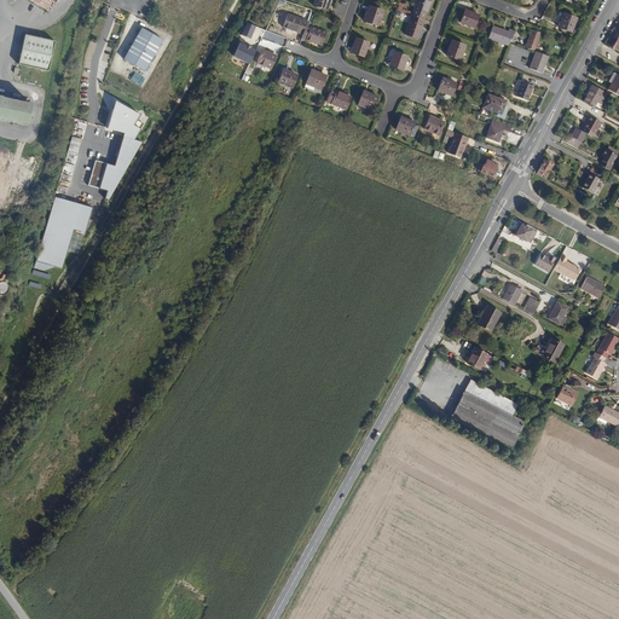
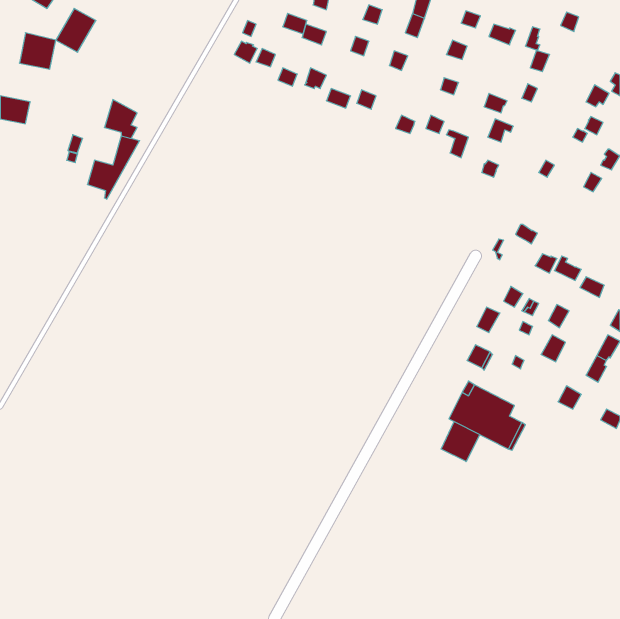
building: [122,27,162,70] -> [56,8,96,52]
building: [36,196,91,267] -> none
building: none -> [441,421,480,462]

